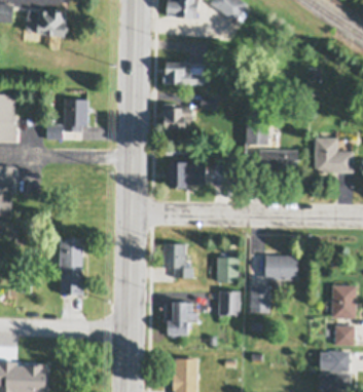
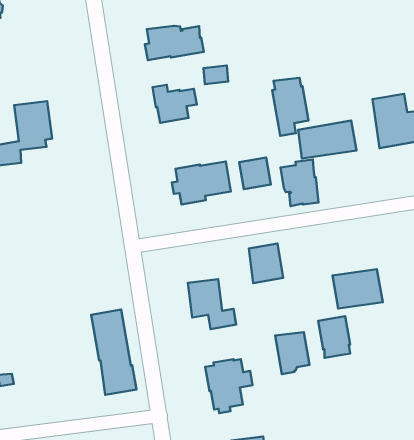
building: none -> [280,160,318,206]
building: [61,237,83,295] -> [91,310,136,395]
building: [217,258,239,282] -> [249,244,283,283]

